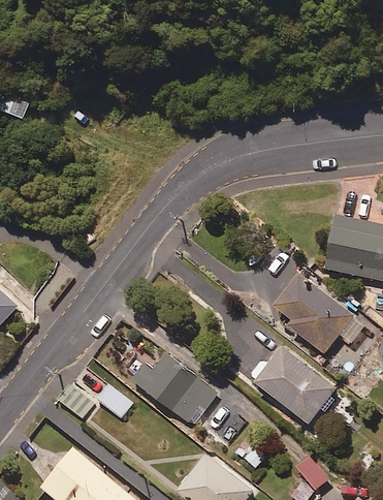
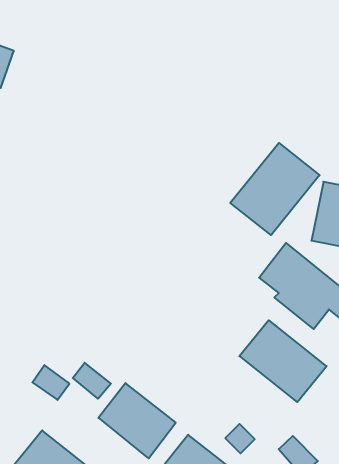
building: none -> [230,143,320,235]
building: [139,351,213,423] -> [98,383,176,458]

